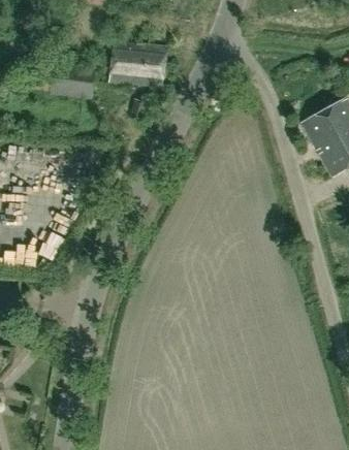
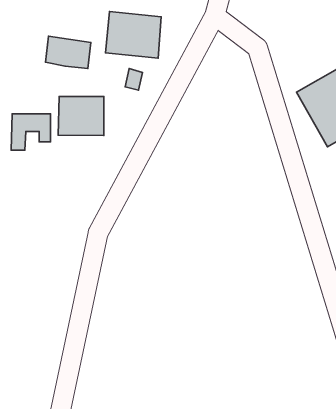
building: none -> [58,97,104,135]

